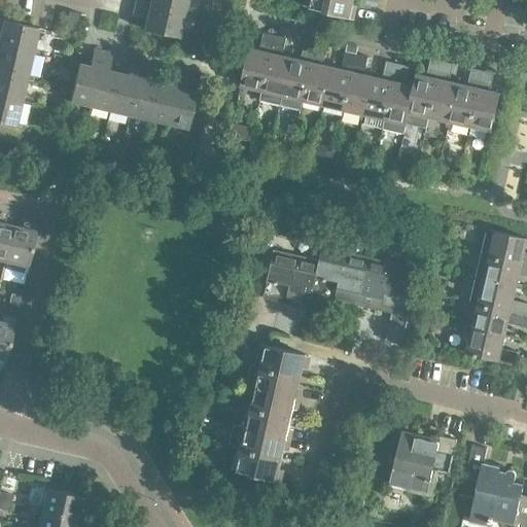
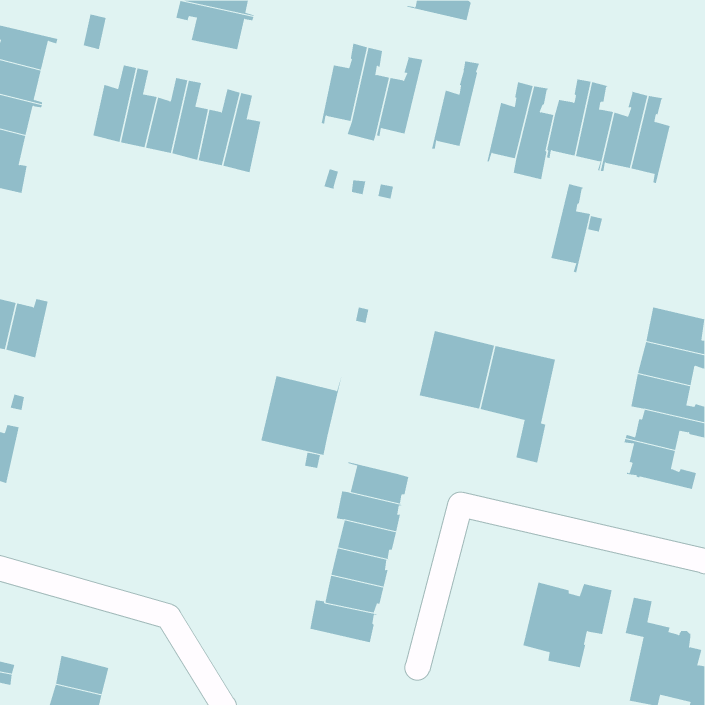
building: [302,45,331,112] -> none
building: [343,55,373,121] -> [551,183,591,273]
building: [261,247,323,310] -> [261,371,343,456]

